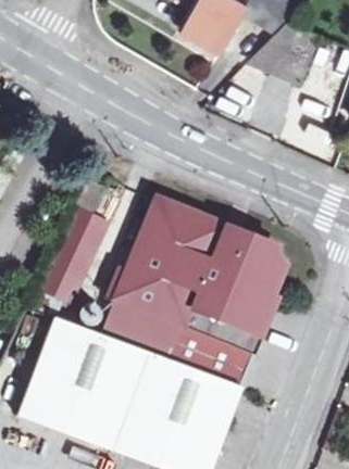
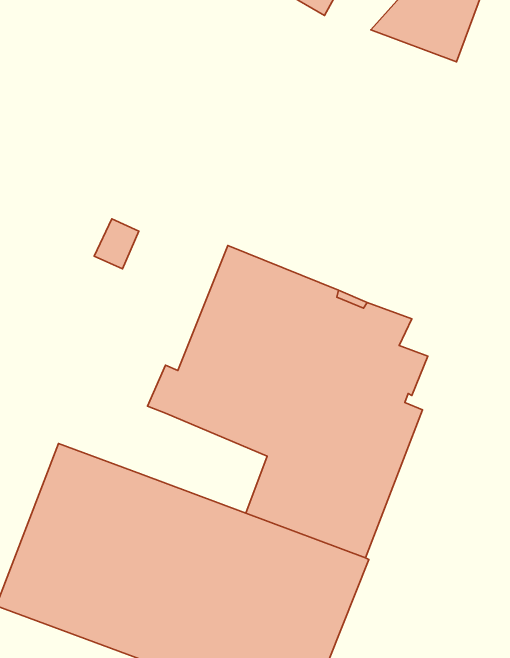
building: [30,210,110,316] -> none
building: [104,297,182,358] -> none

